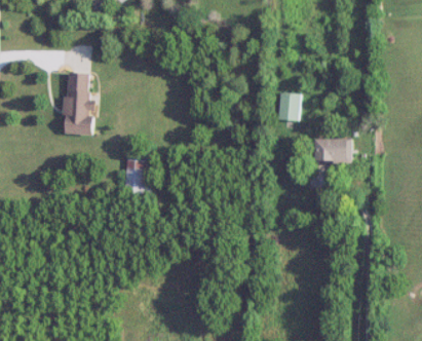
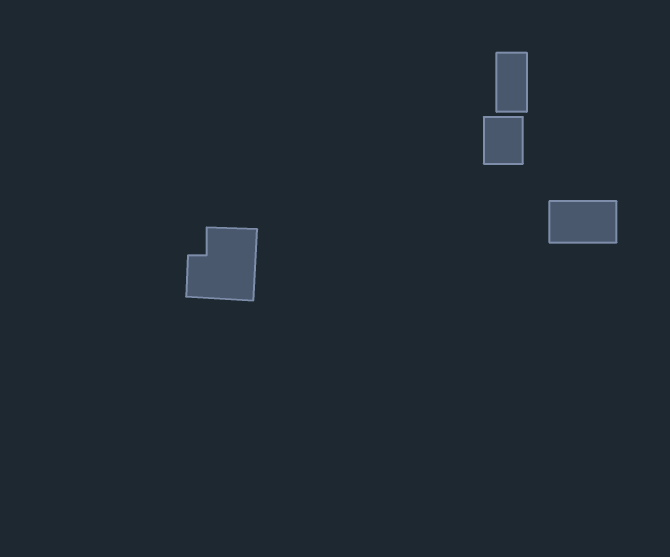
building: none -> [497,53,527,112]
building: [65,73,94,135] -> none

